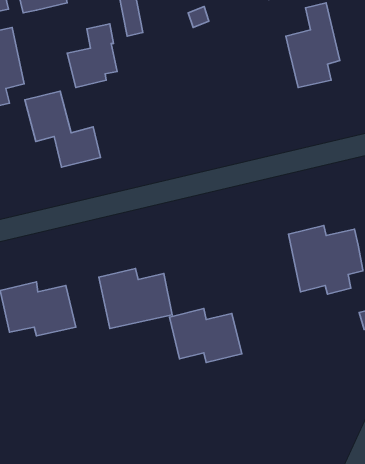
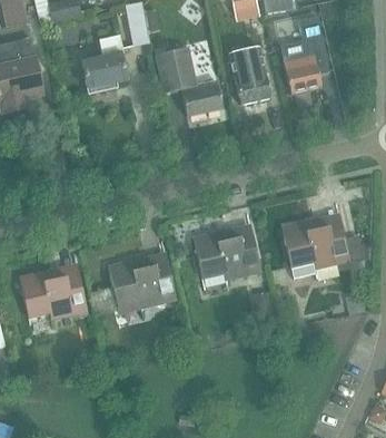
building: none -> [226,47,270,105]
building: [25,91,101,167] -> [154,48,222,117]
building: [170,309,242,362] -> [194,230,259,279]

